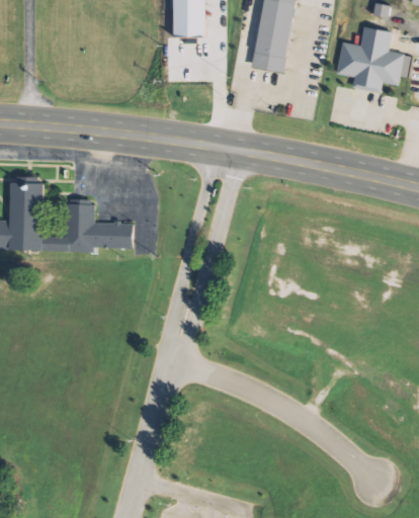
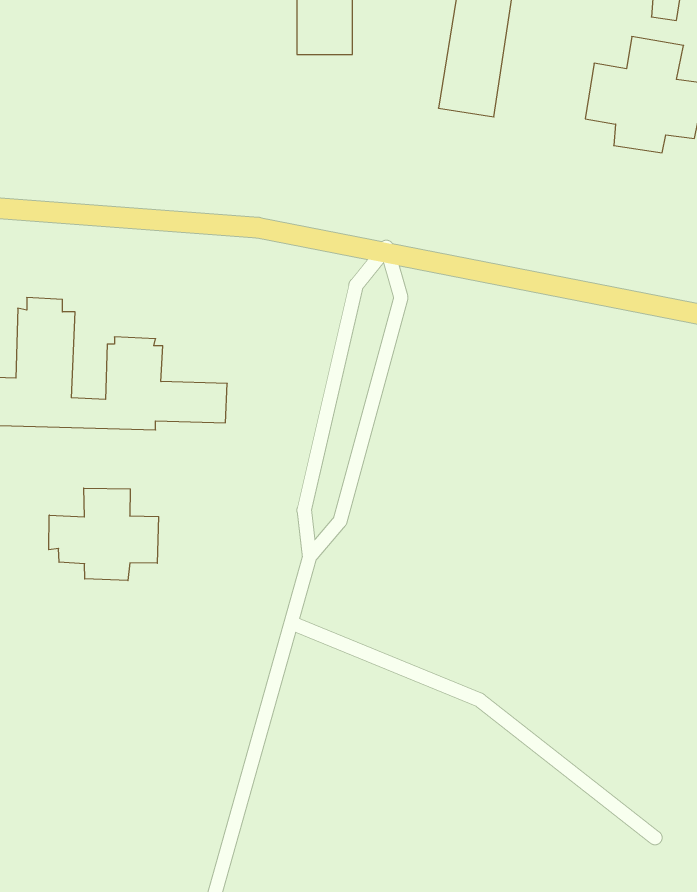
building: none -> [49,488,159,581]

